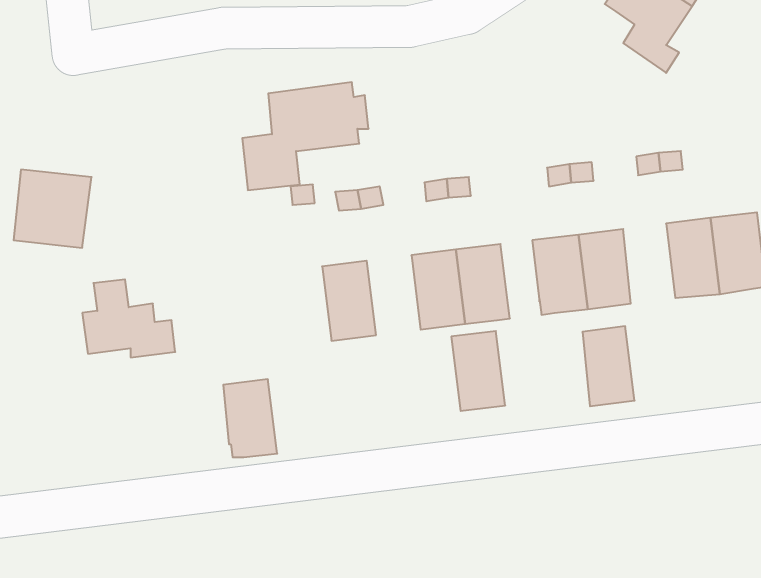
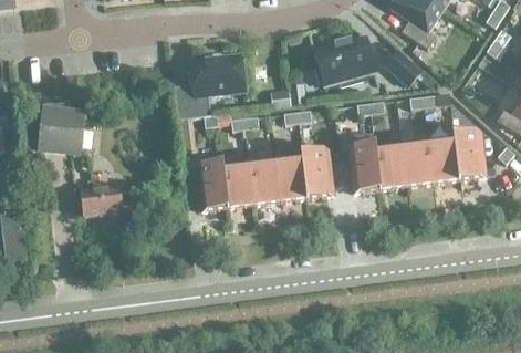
building: none -> [313,34,374,85]
building: none -> [384,50,420,85]
building: [582,326,635,406] -> [400,137,431,185]
building: [451,331,505,411] -> [248,156,280,204]
building: [223,379,277,457] -> [195,163,227,209]

